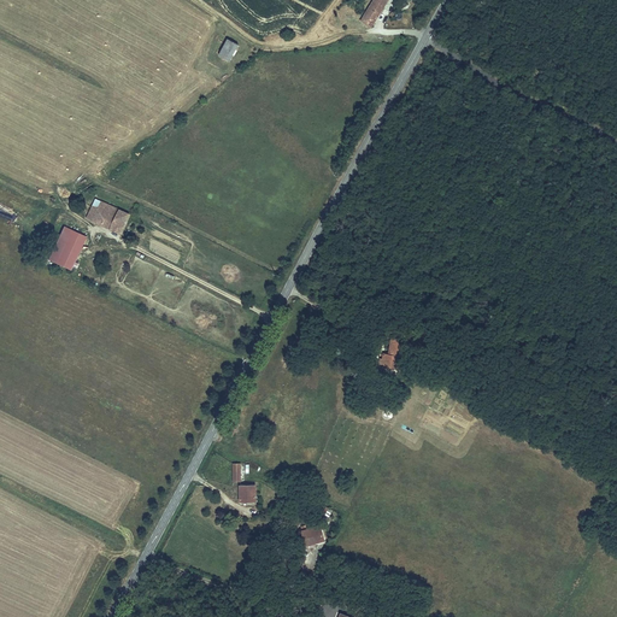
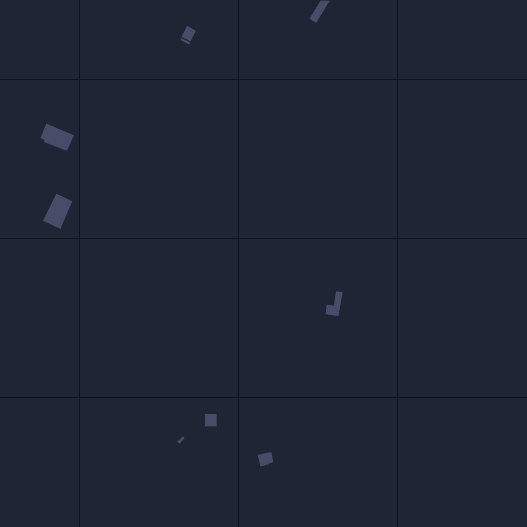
building: [89,200,130,234] -> [40,123,75,152]

